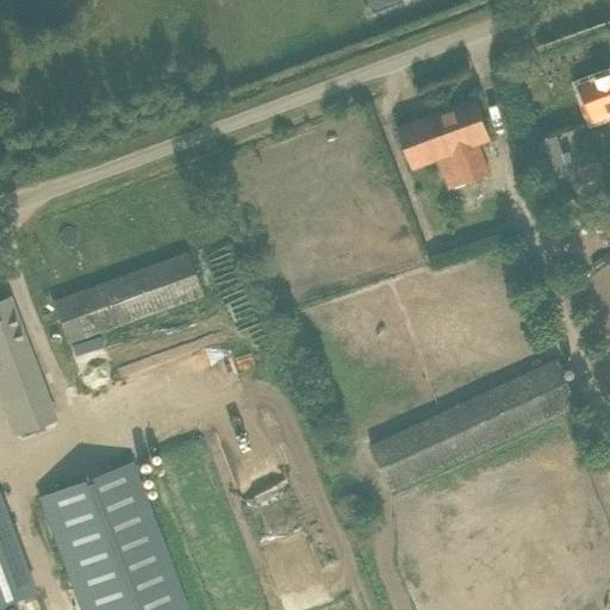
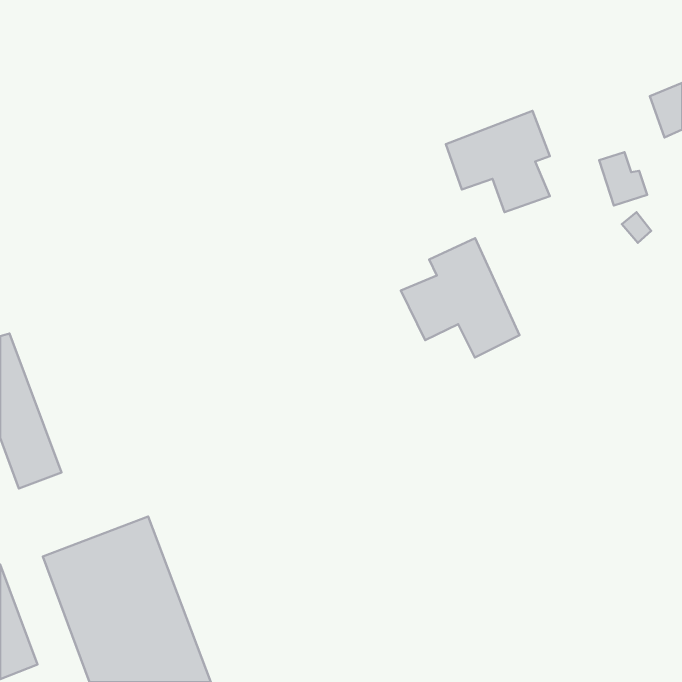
building: none -> [401,238,520,357]
building: [52,253,201,342] -> none
building: [369,359,579,492] -> none

